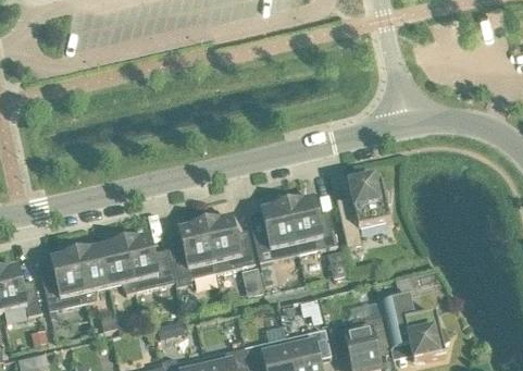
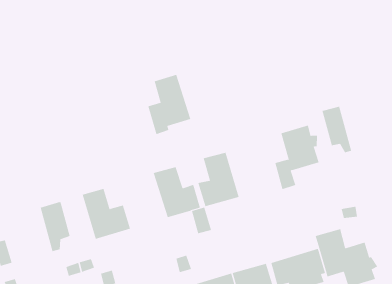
building: none -> [322,106,352,153]
building: [286,197,337,255] -> none
building: [169,222,216,288] -> [147,74,191,135]
building: [99,242,135,295] -> none
building: [42,253,86,312] -> none

